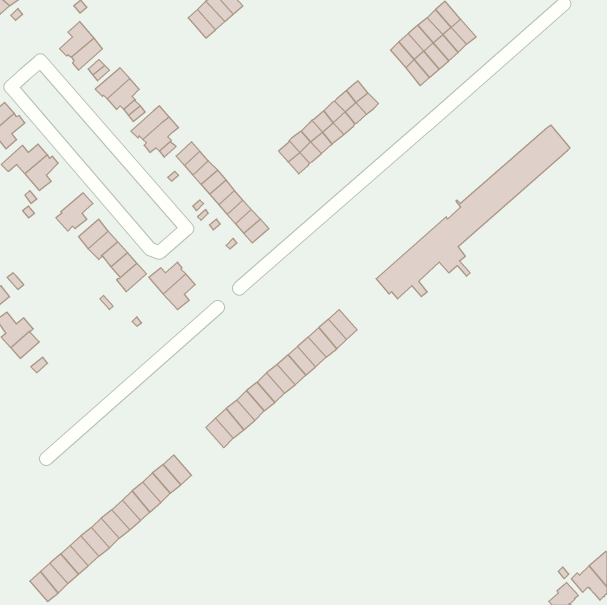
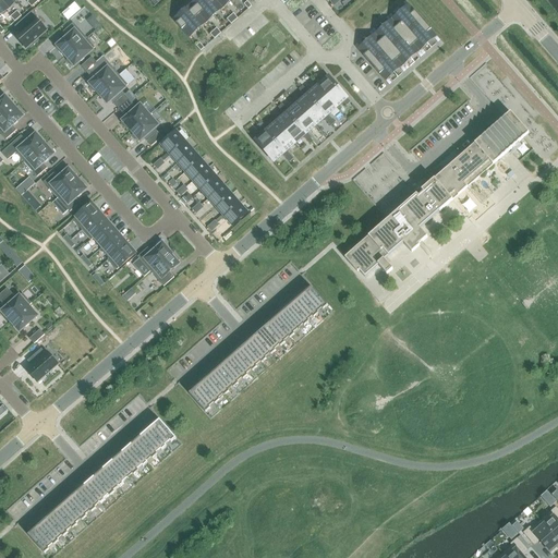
building: none -> [13,9,46,46]
building: none -> [43,165,76,194]
building: none -> [26,348,56,379]

